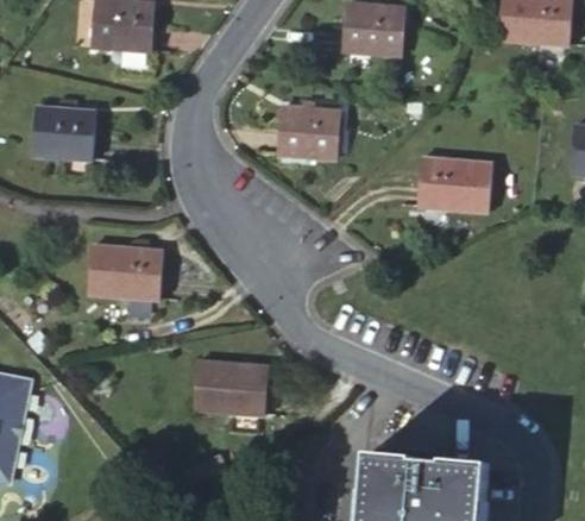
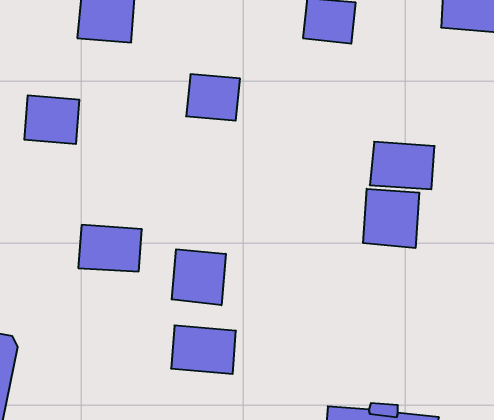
building: [275,107,334,158] -> [186,74,240,121]
building: none -> [363,189,419,248]
building: none -> [172,249,226,305]

